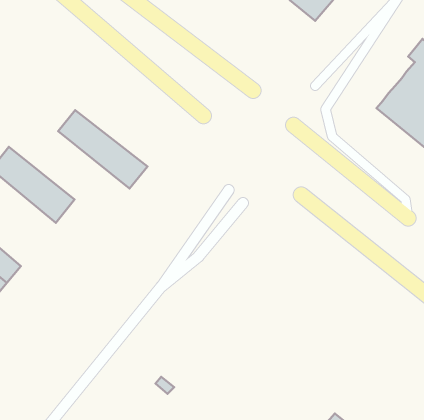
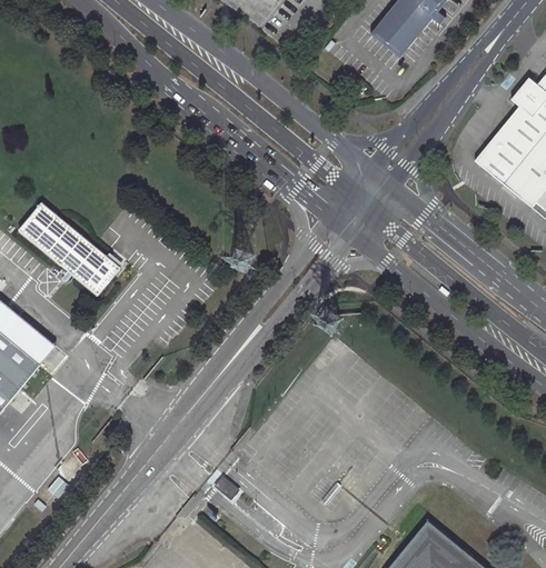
building: [58,110,147,188] -> none

